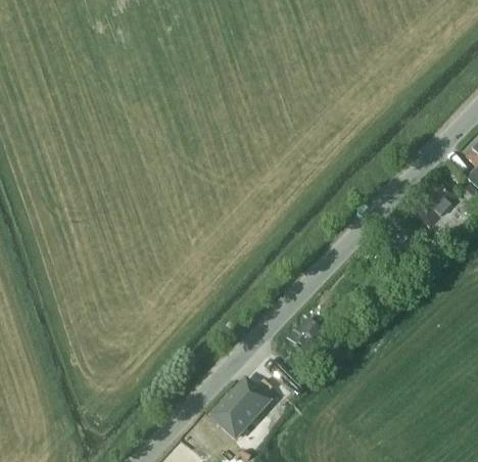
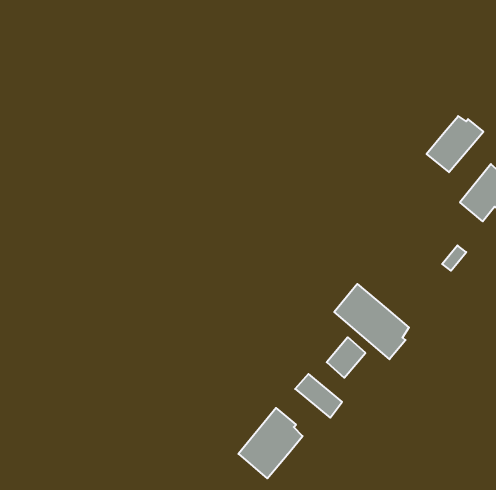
building: none -> [427,116,483,172]
building: none -> [334,284,409,359]

